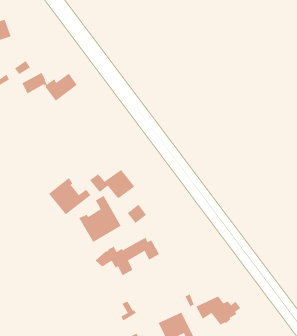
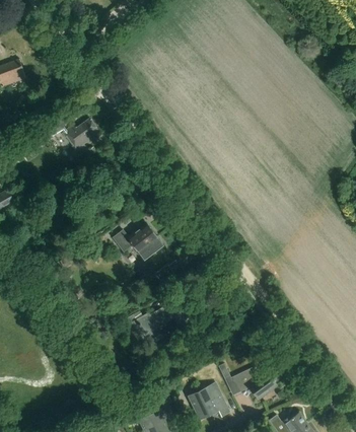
building: [48,177,91,215] -> none
building: [79,195,121,243] -> none

